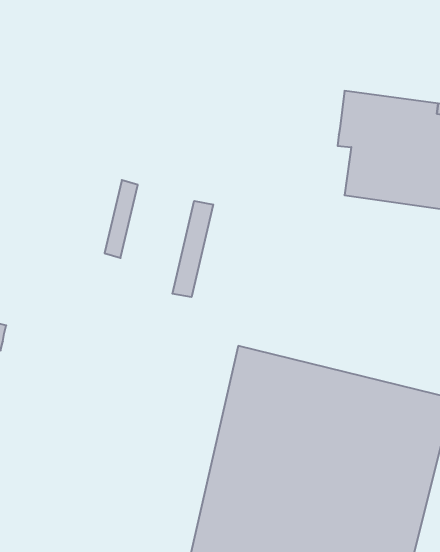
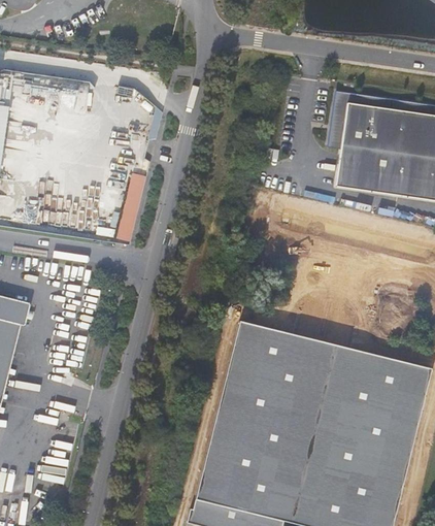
building: [172,201,213,297] -> none

